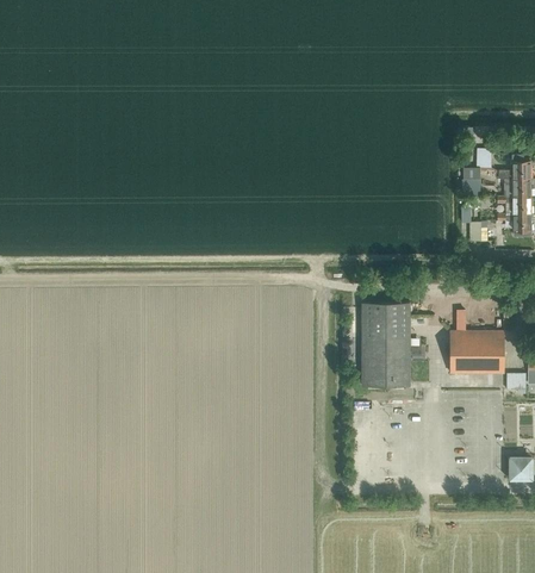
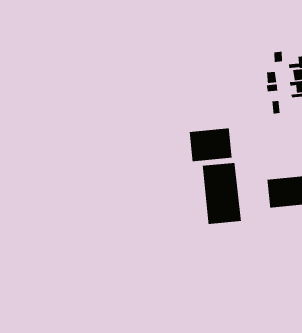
building: none -> [189,127,232,162]

